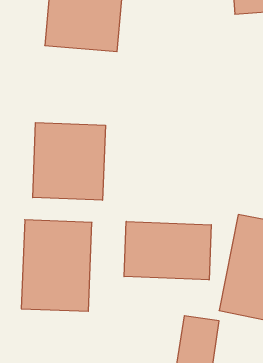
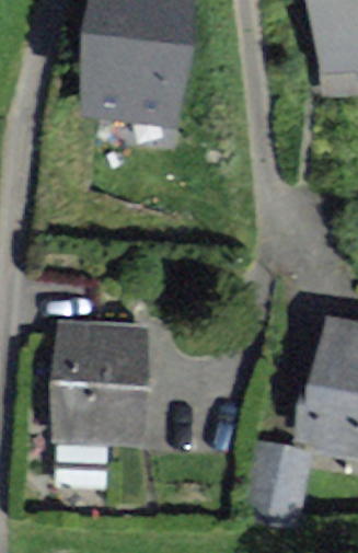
building: [33,123,105,200] -> none
building: [124,221,211,280] -> none

